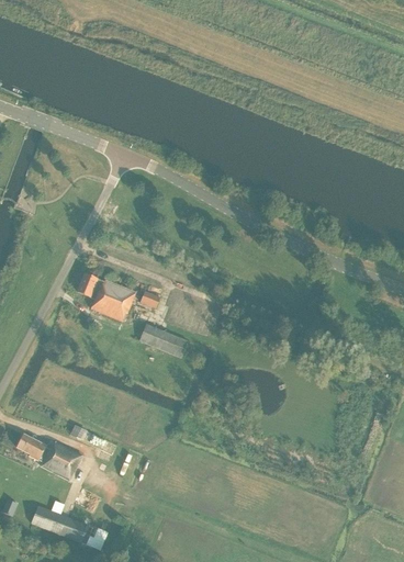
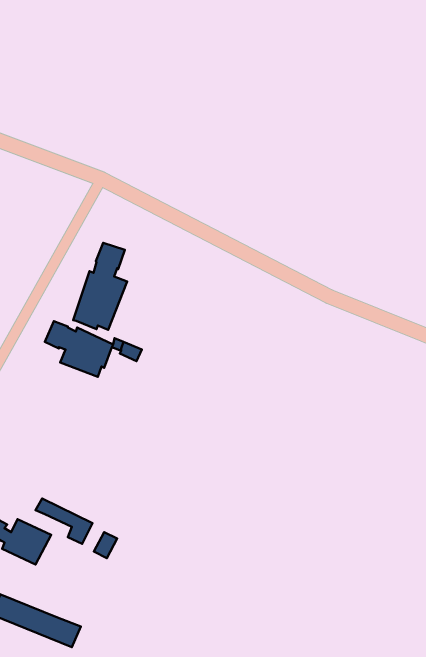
building: none -> [73,243,127,330]
building: [138,323,188,357] -> none

